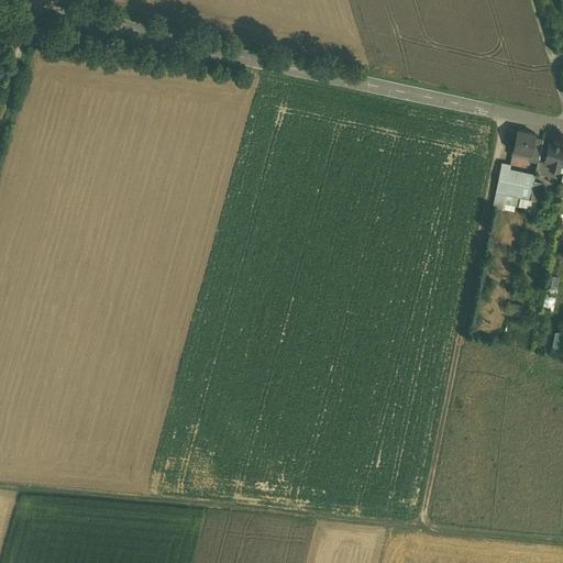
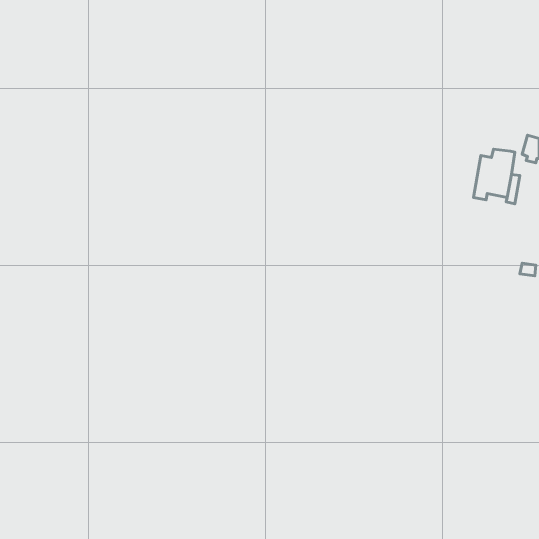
building: [514,130,536,157] -> none

